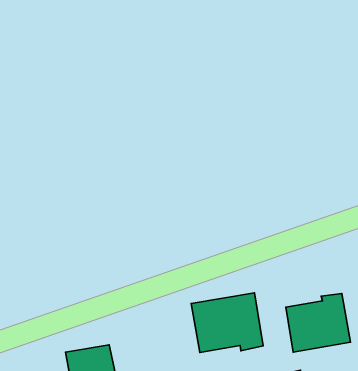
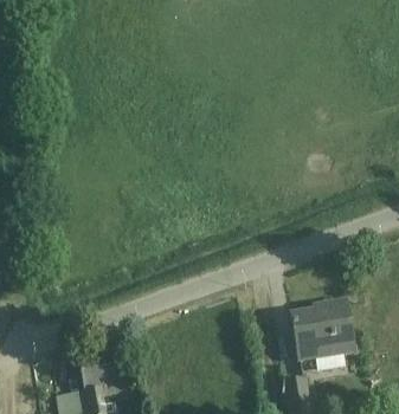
building: [191,293,263,352] -> none

